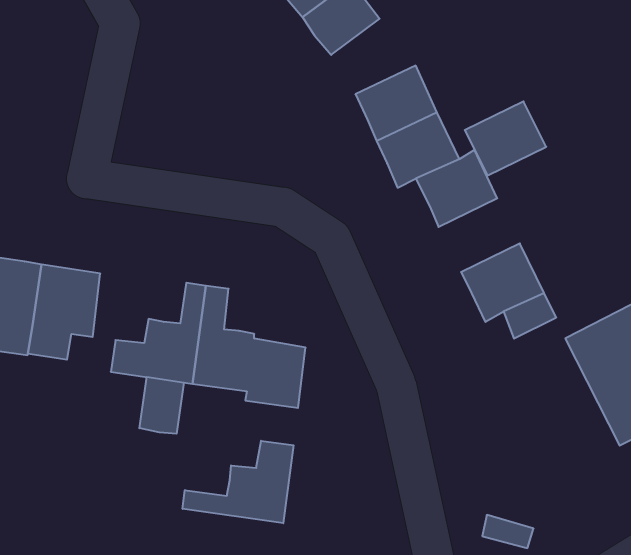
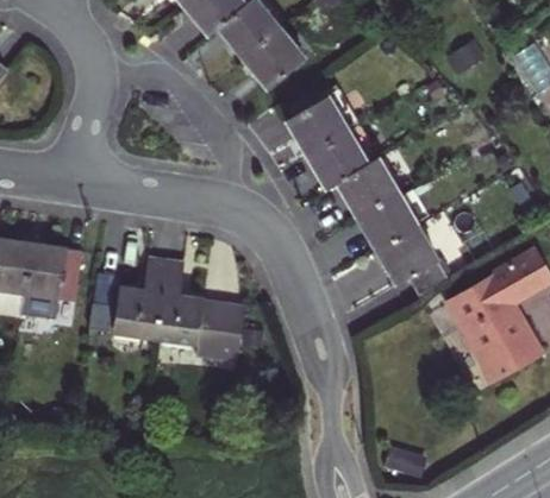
building: [465,101,546,175] -> [349,191,413,250]
building: [139,377,184,434] -> none
building: [183,441,294,523] -> none

